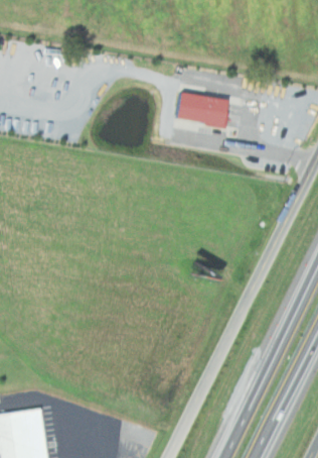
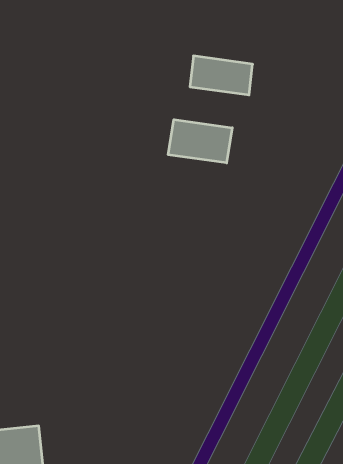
building: none -> [168,120,232,163]

